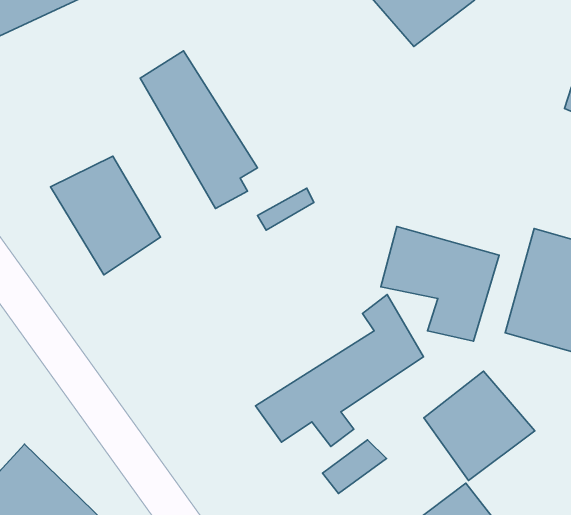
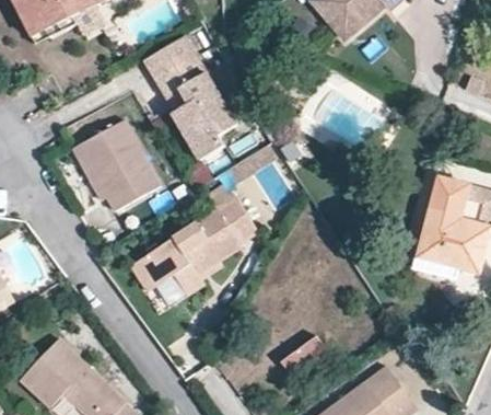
building: [381,227,499,341] -> none
building: [255,295,423,446] -> [129,180,256,295]
building: [424,371,535,481] -> none

